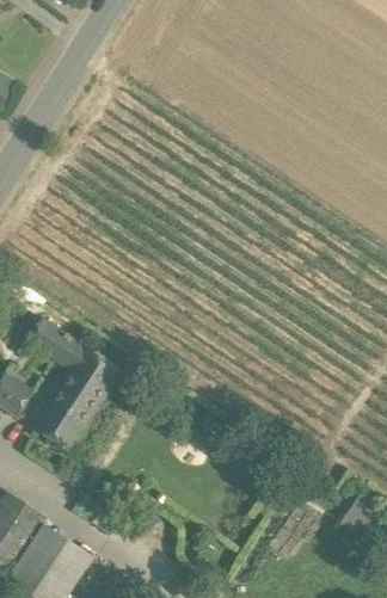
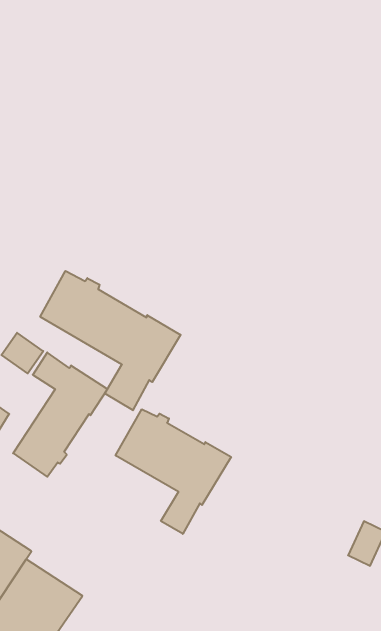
building: none -> [40,271,181,410]
building: none -> [116,409,231,534]

